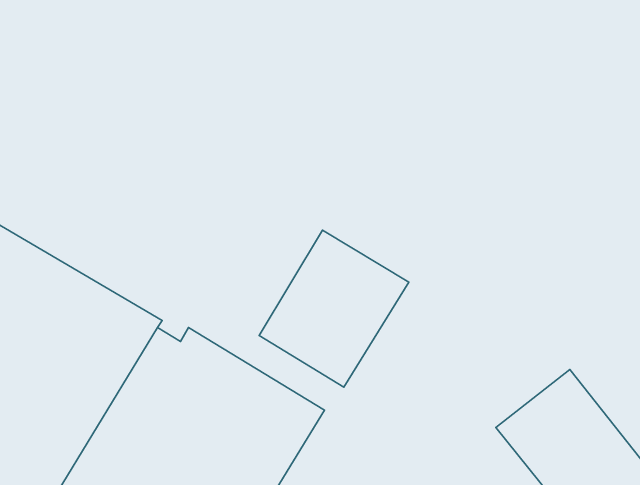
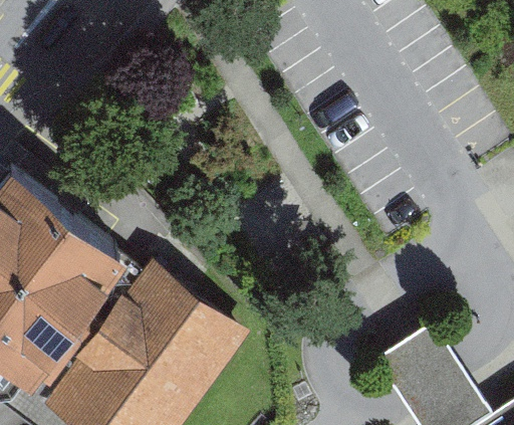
building: [259,230,409,387] -> none

